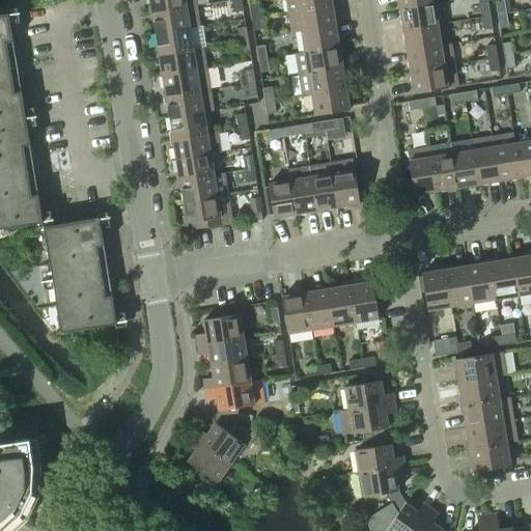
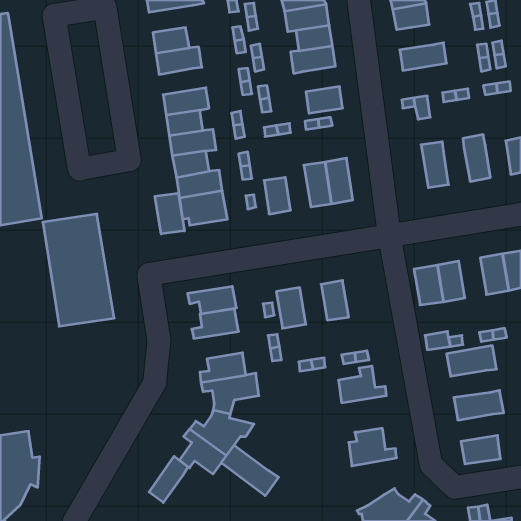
building: [151,5,199,33] -> none
building: [403,25,441,51] -> none
building: [410,64,457,93] -> none
building: [299,67,345,95] -> none
building: [162,68,209,96] -> none
building: [492,134,520,180] -> none
building: [407,147,436,195] -> none
building: [451,150,478,188] -> none
building: [288,168,316,214] -> none
building: none -> [155,193,184,234]
building: [467,262,495,303] -> none
building: [348,282,378,323] -> none
building: [305,289,333,330] -> none
building: [197,337,247,365] -> [188,286,237,314]
building: [458,376,499,404] -> none
building: [338,402,395,440] -> none
building: [466,421,506,449] -> none
building: none -> [221,445,279,496]
building: none -> [149,456,188,503]
building: [358,466,406,503] -> none

